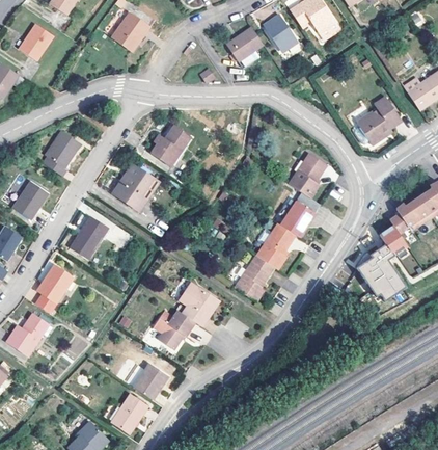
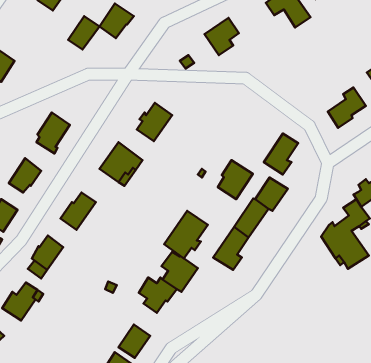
building: [266,15,299,51] -> none
building: [22,24,56,60] -> [68,16,100,49]
building: none -> [218,160,253,199]
building: none -> [164,211,208,258]

